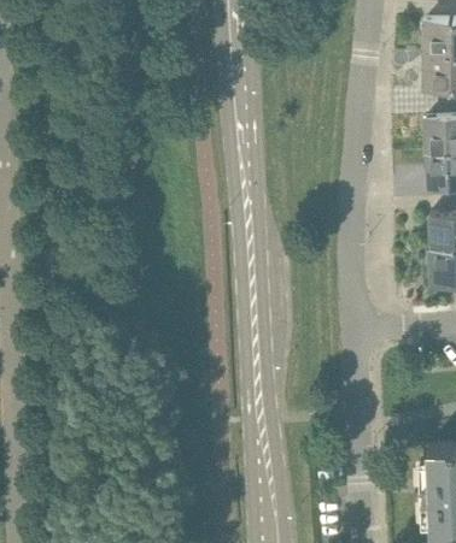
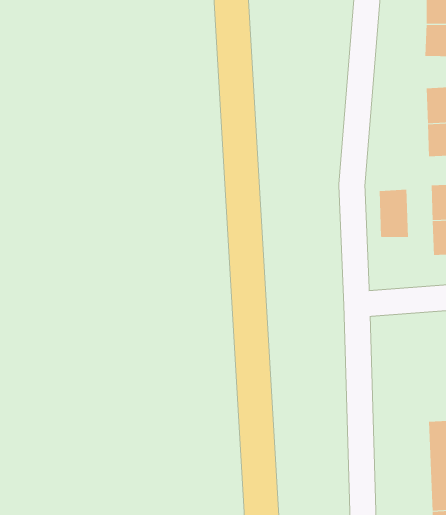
building: none -> [379,189,409,238]

